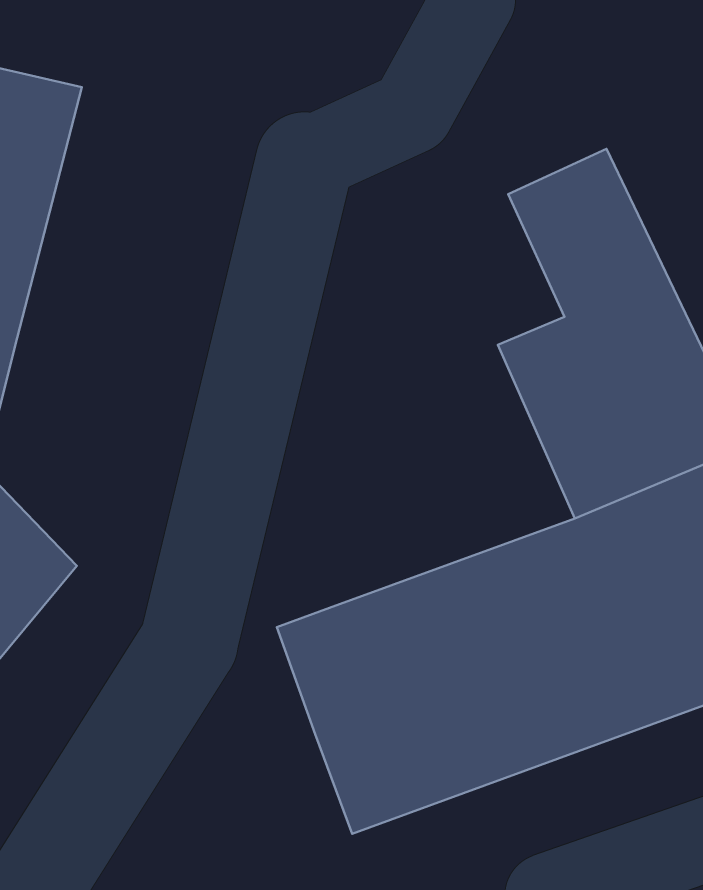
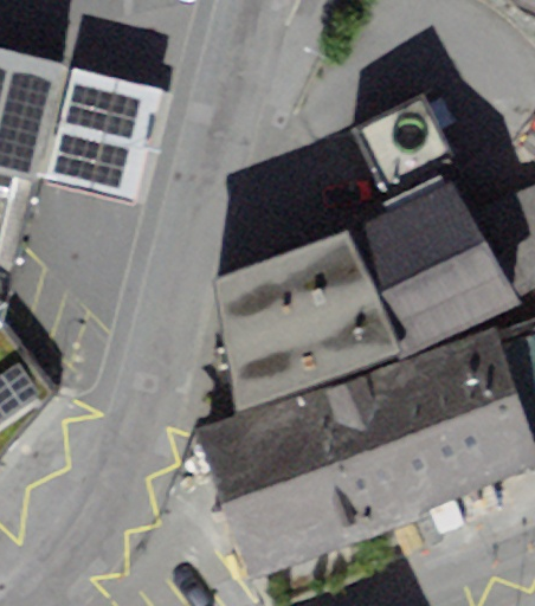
building: none -> [49,67,169,212]
building: none -> [217,237,398,414]

